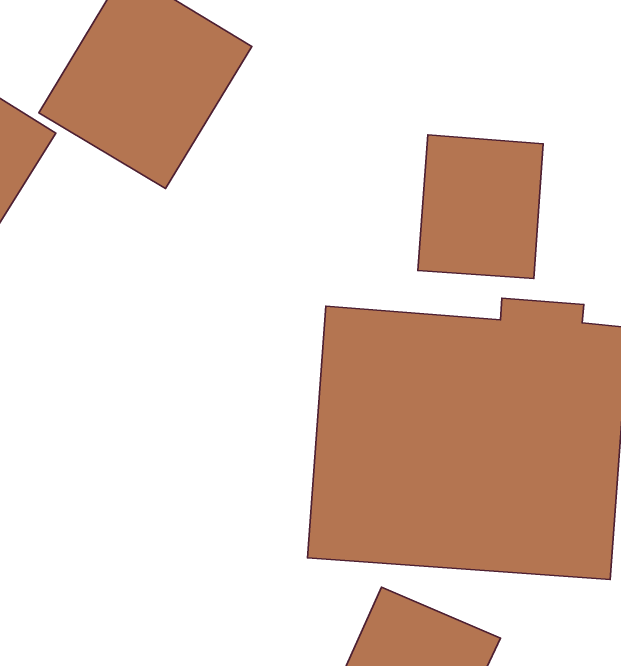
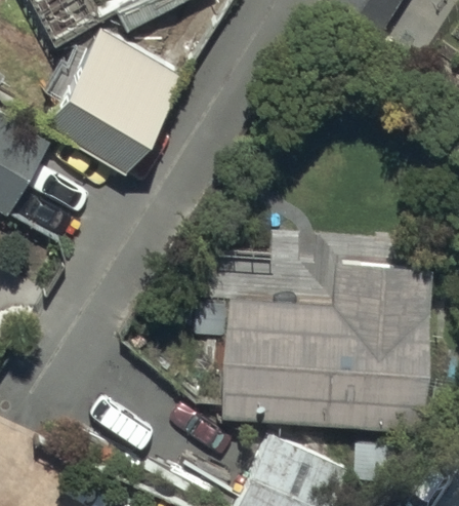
building: [418,135,543,278] -> none

